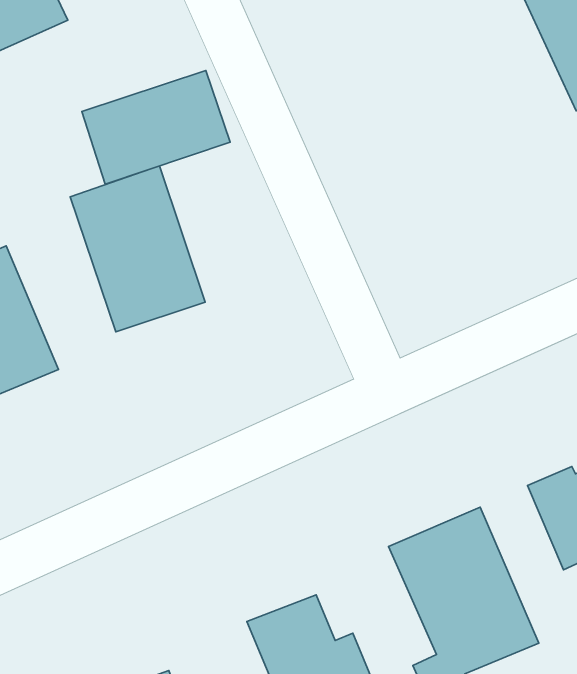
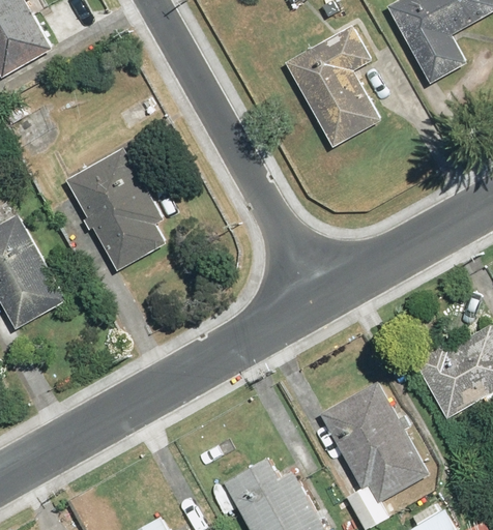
building: none -> [283,27,380,151]
building: [82,71,230,184] -> none

